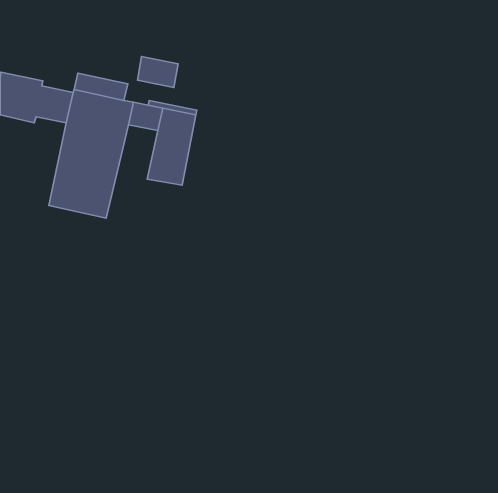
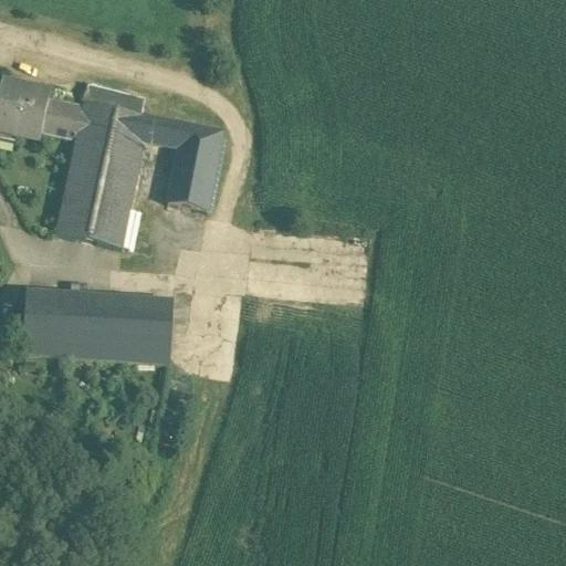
building: [137,57,178,88] -> none
building: none -> [22,291,172,365]

